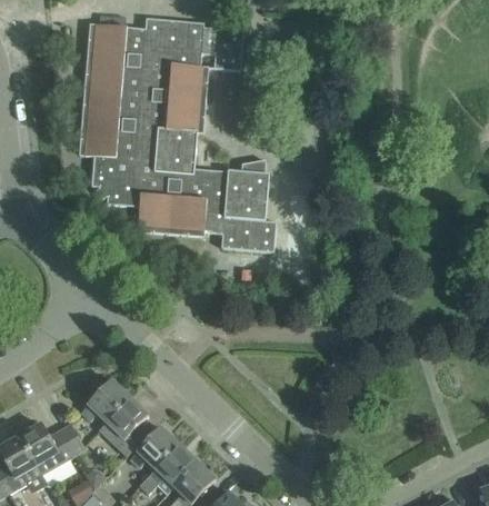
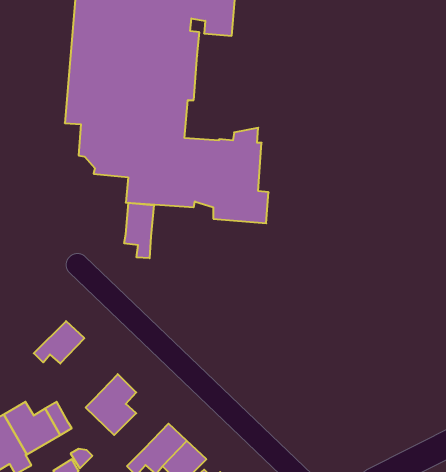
building: none -> [124,203,154,258]
building: [81,380,130,421] -> [34,321,84,364]
building: [130,427,179,469] -> none

